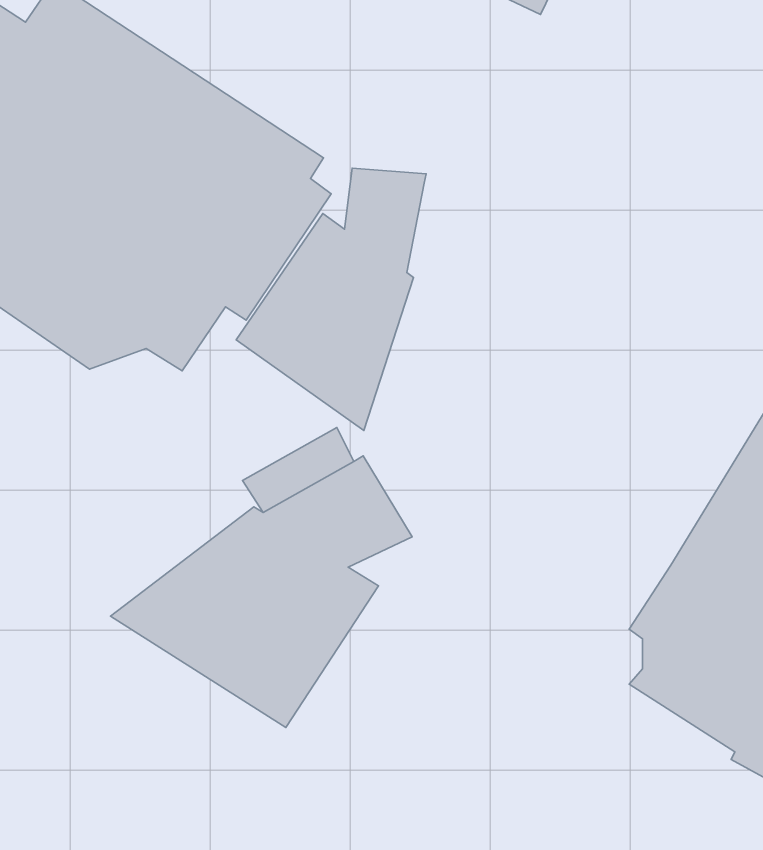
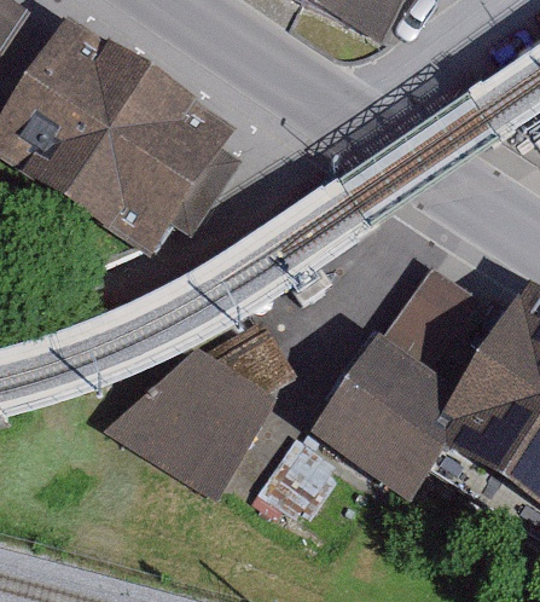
building: [236,168,426,430] -> none
building: none -> [313,261,495,503]

